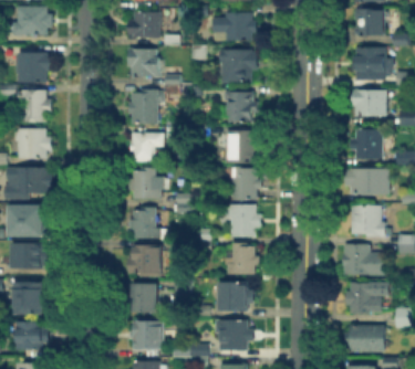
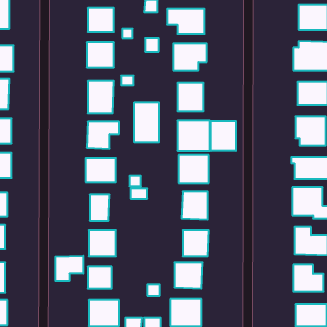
building: none -> [134,102,159,142]
building: none -> [211,121,236,151]
building: none -> [55,256,83,281]

